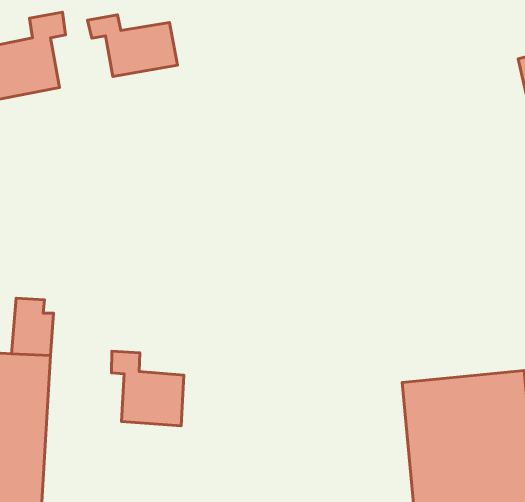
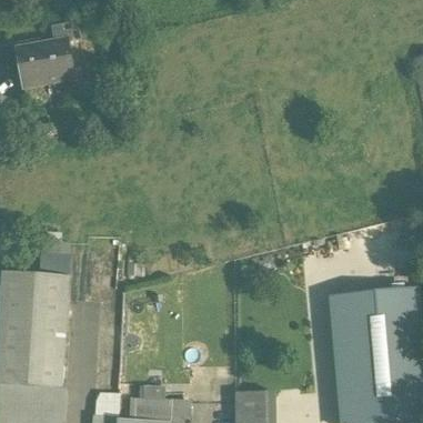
building: [87,15,178,76] -> none
building: [111,351,184,426] -> none

